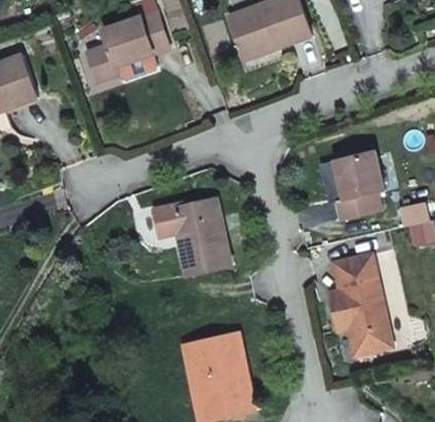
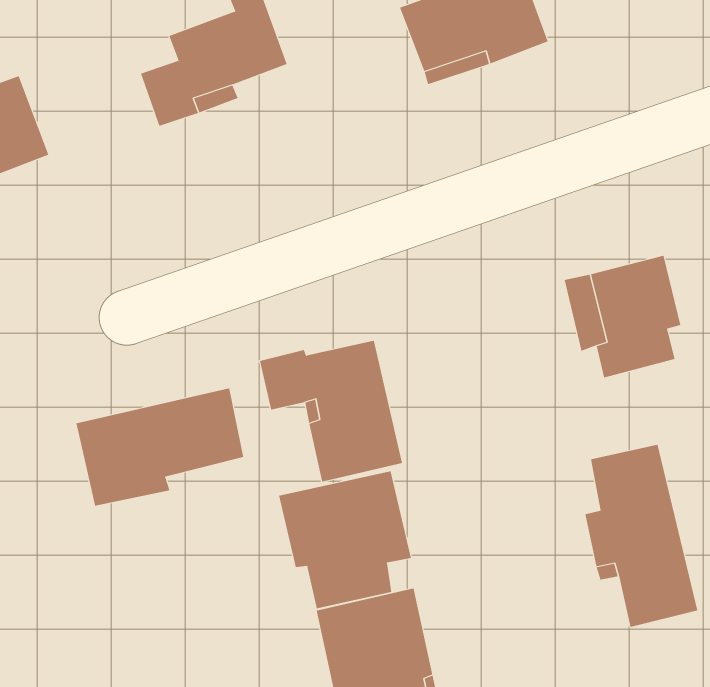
building: none -> [76,388,244,507]
building: none -> [279,471,411,609]

